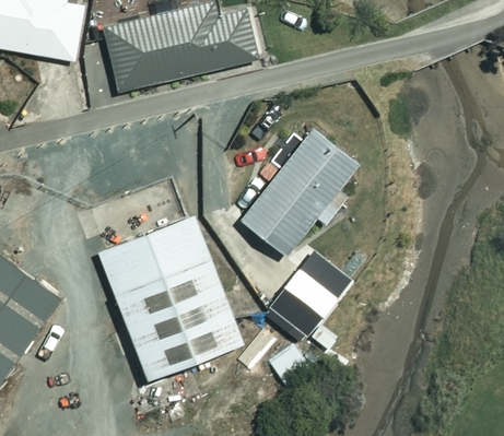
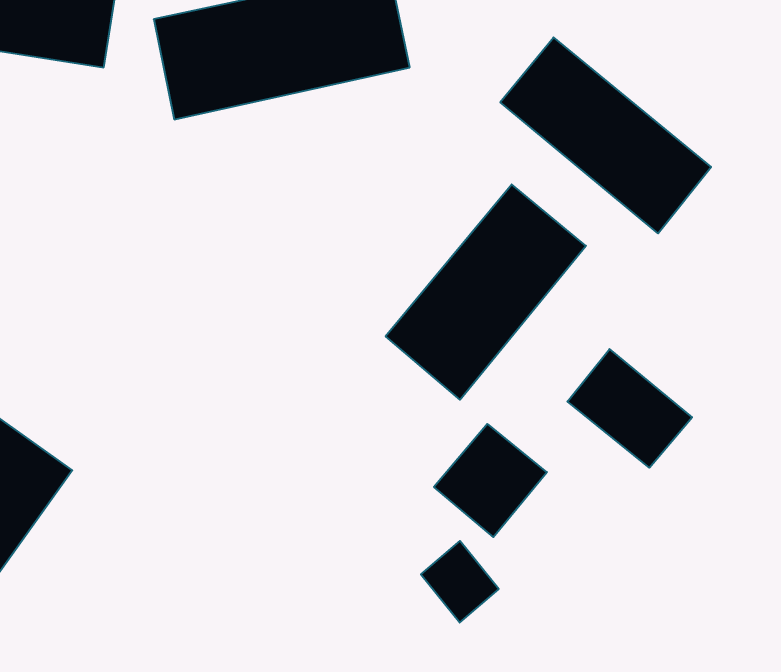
building: none -> [500,37,711,233]
building: [94,212,239,375] -> none
building: none -> [567,349,692,468]

